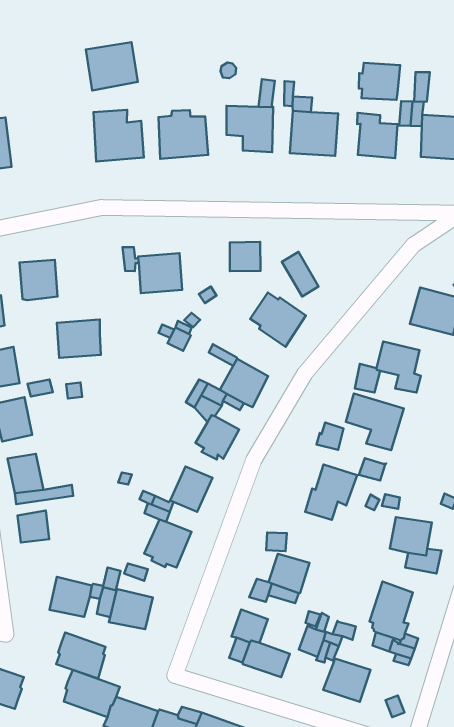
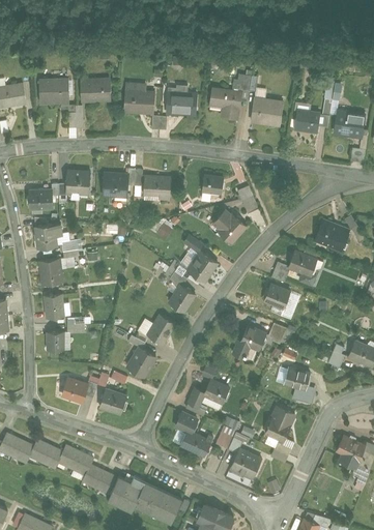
building: [86,42,138,90] -> [79,77,110,105]
building: [359,63,400,100] -> none
building: [57,319,101,358] -> [99,175,128,199]
building: [56,632,106,678] -> [31,433,64,465]

